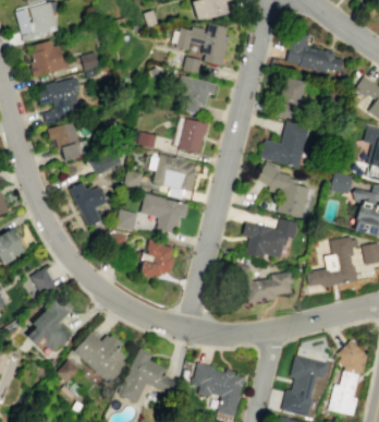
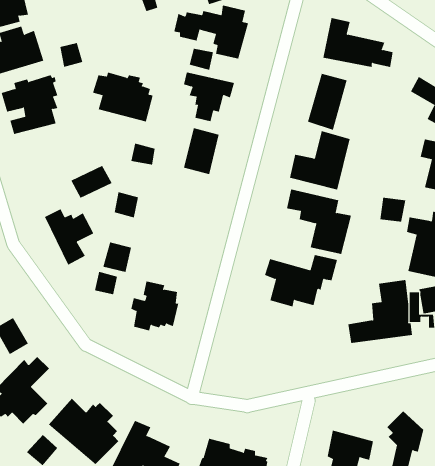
building: [47,121,91,161] -> none
building: [148,153,196,192] -> [92,72,153,122]
building: [140,193,189,234] -> none
building: [246,272,294,303] -> none

